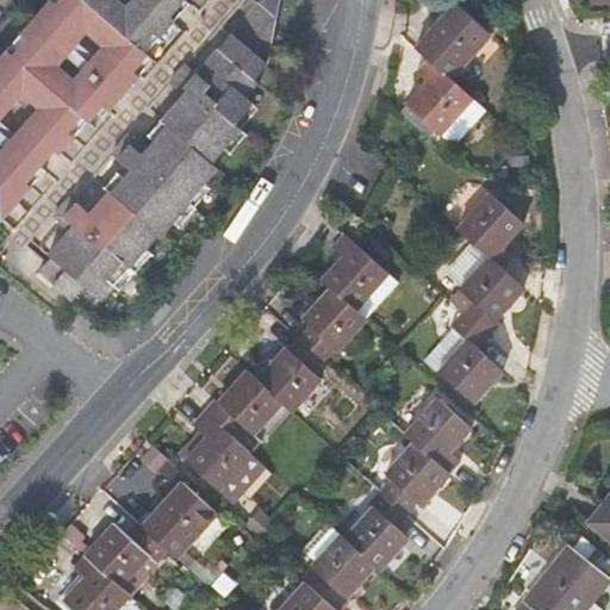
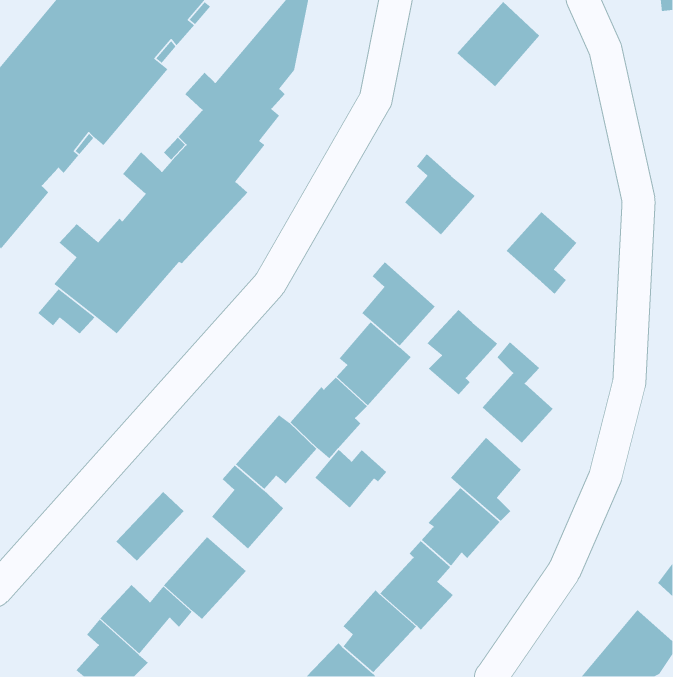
building: [402,58,466,132] -> [404,153,476,235]
building: [456,253,521,330] -> [427,309,498,395]
building: none -> [314,449,387,509]

